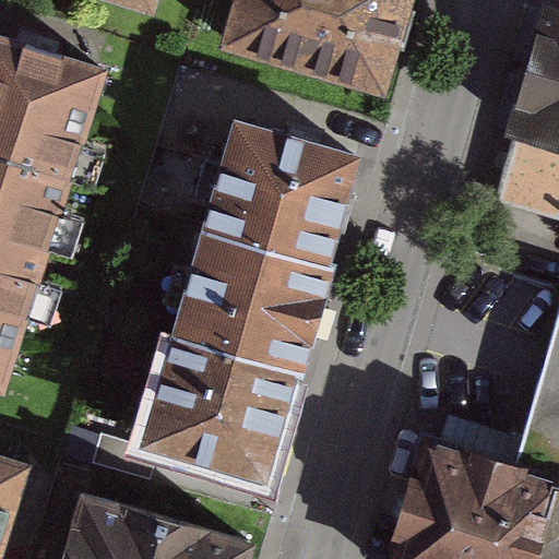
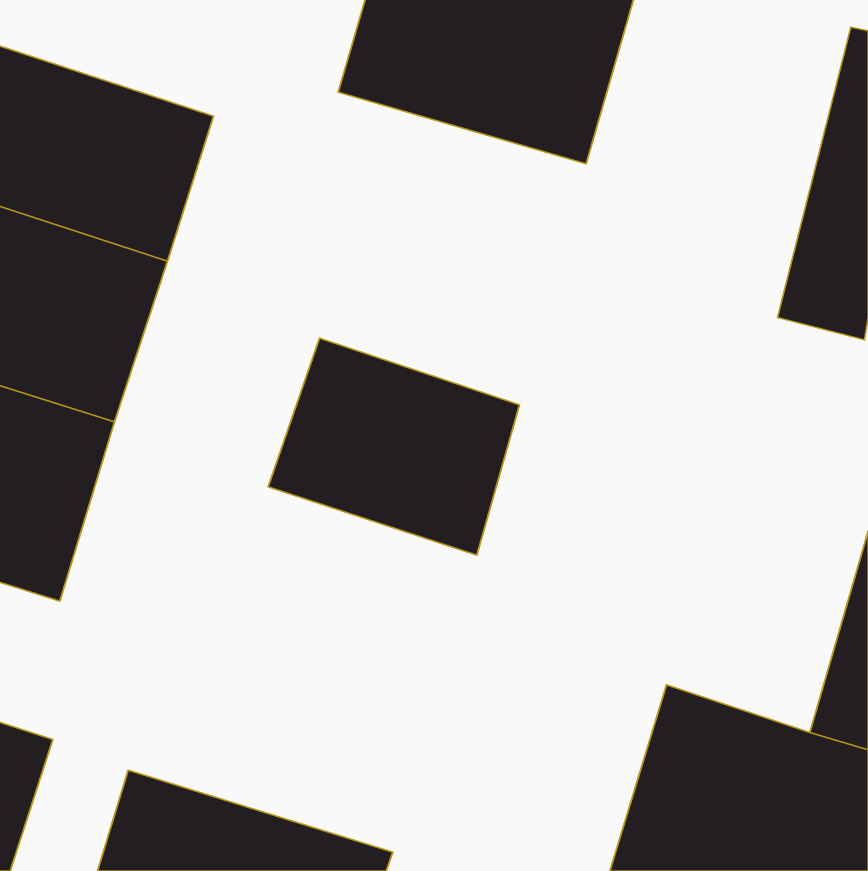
building: [204,121,355,259] -> none
building: [135,311,305,490] -> none

